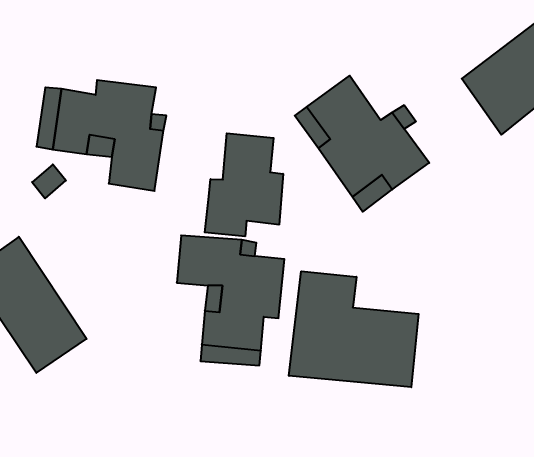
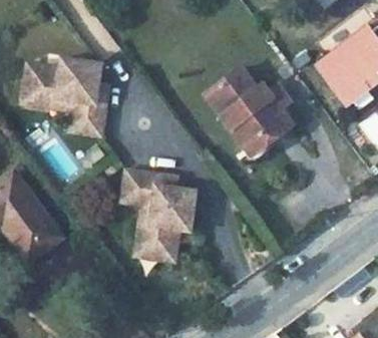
building: [205,133,283,236] -> none
building: [289,271,419,387] -> none

